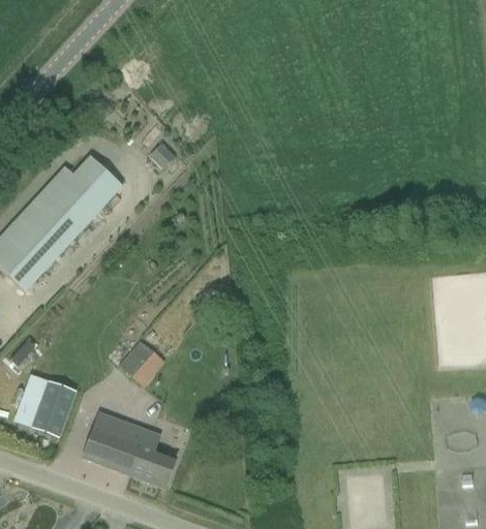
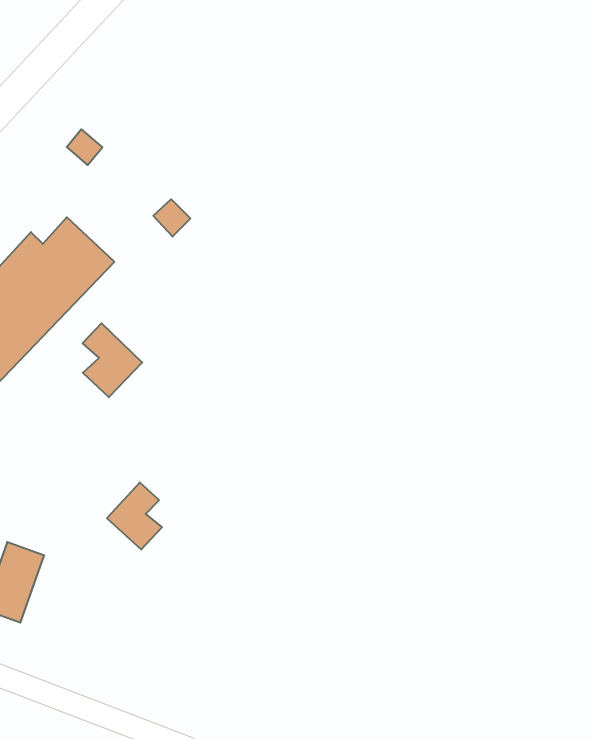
building: none -> [83,323,142,397]
building: [83,412,176,487] -> none

